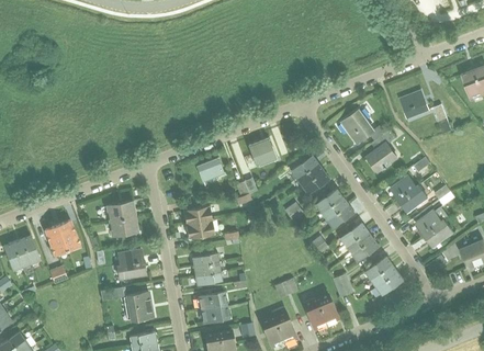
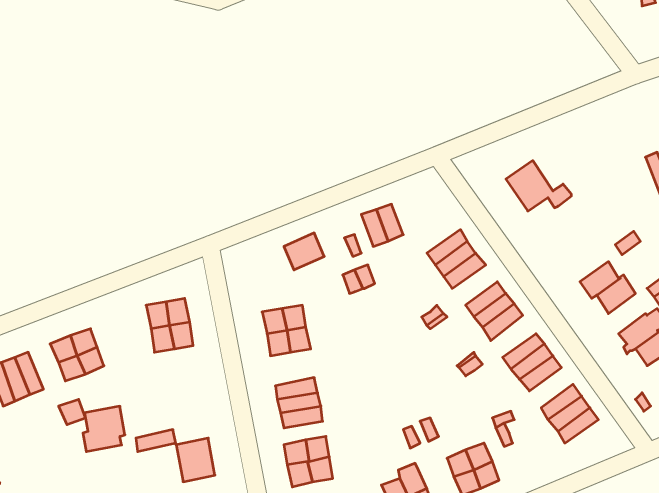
building: [401,91,429,118] -> none
building: [368,129,397,171] -> none
building: [117,249,145,279] -> [83,406,125,452]

